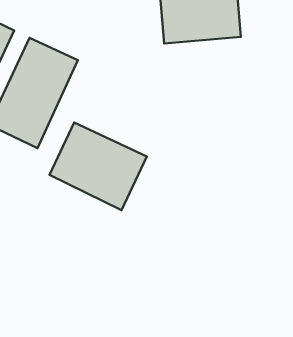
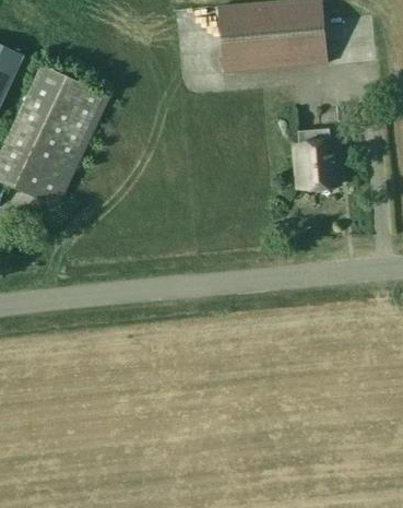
building: none -> [296,129,339,189]
building: [49,122,147,210] -> none

